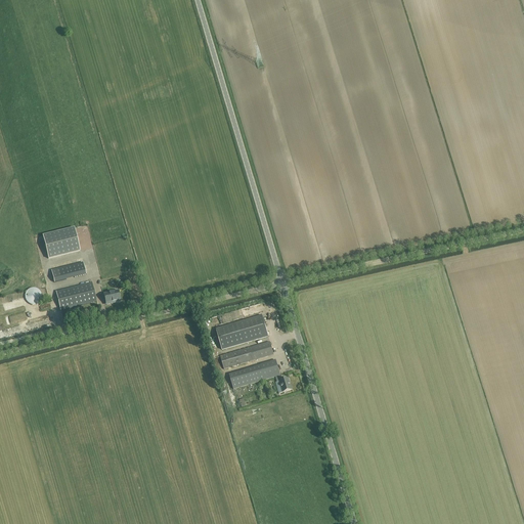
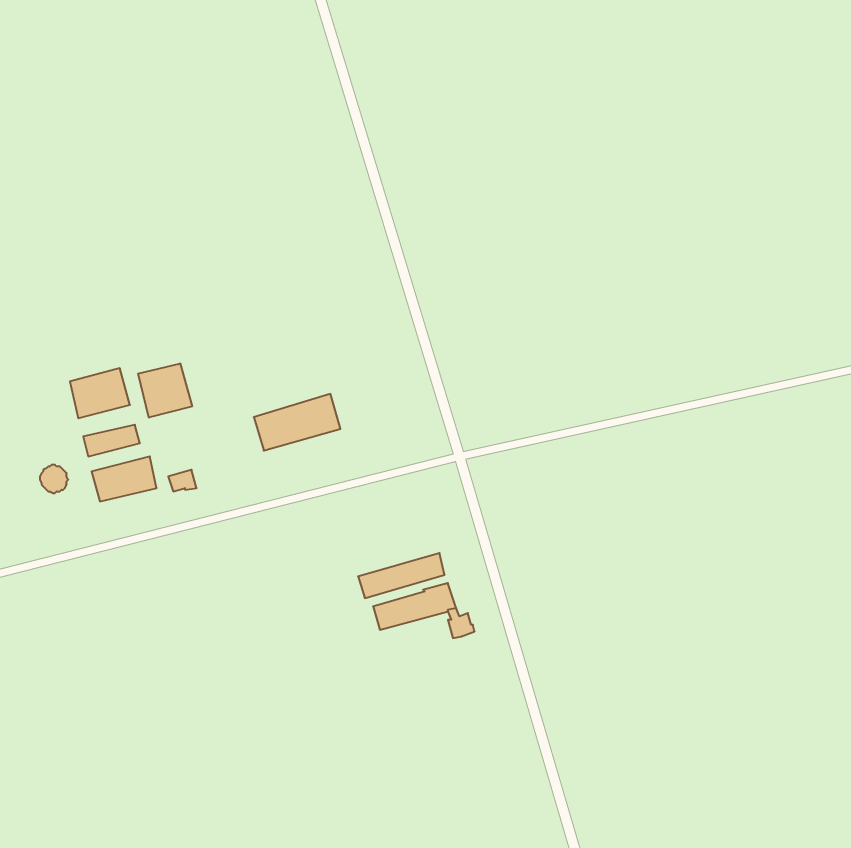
building: none -> [138,363,192,418]
building: [215,313,268,348] -> [254,394,340,451]

